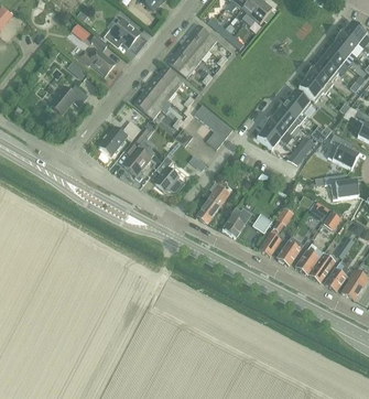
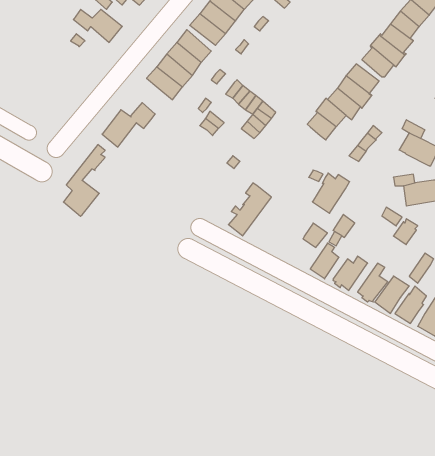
building: [48,84,85,114] -> none
building: [122,119,154,174] -> [63,145,105,216]
building: [153,155,180,191] -> none
building: [223,206,251,237] -> [312,173,350,213]

